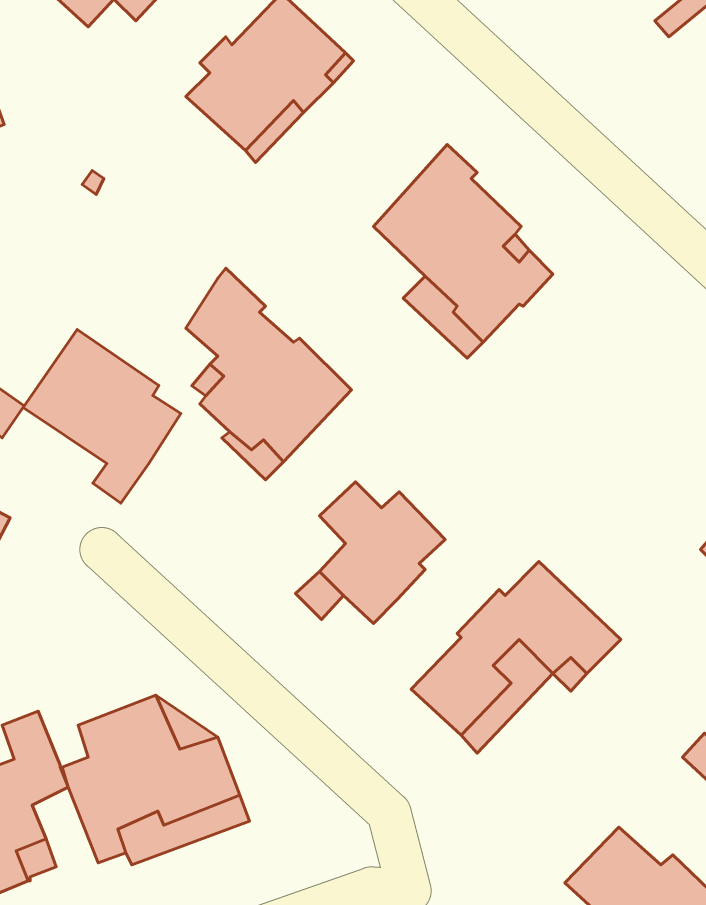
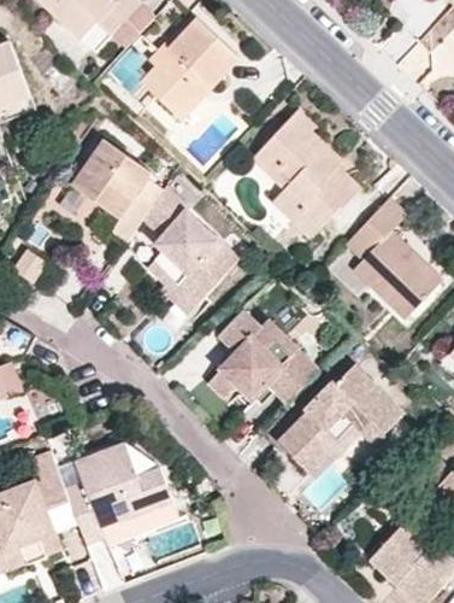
building: none -> [344,198,444,320]
building: [23,330,181,503] -> [64,140,159,245]
building: none -> [267,349,319,404]

